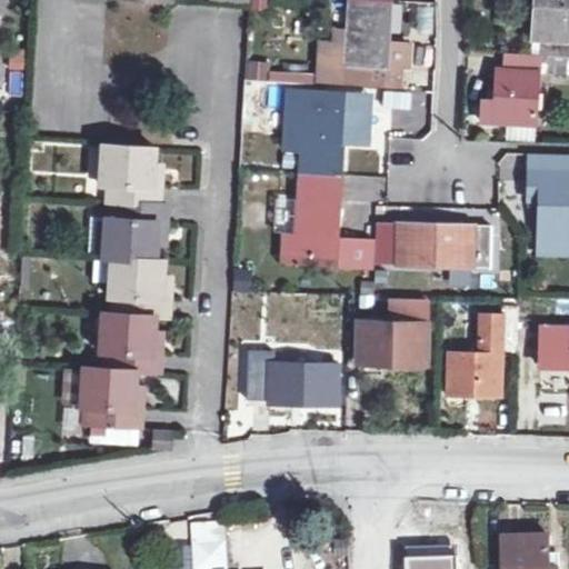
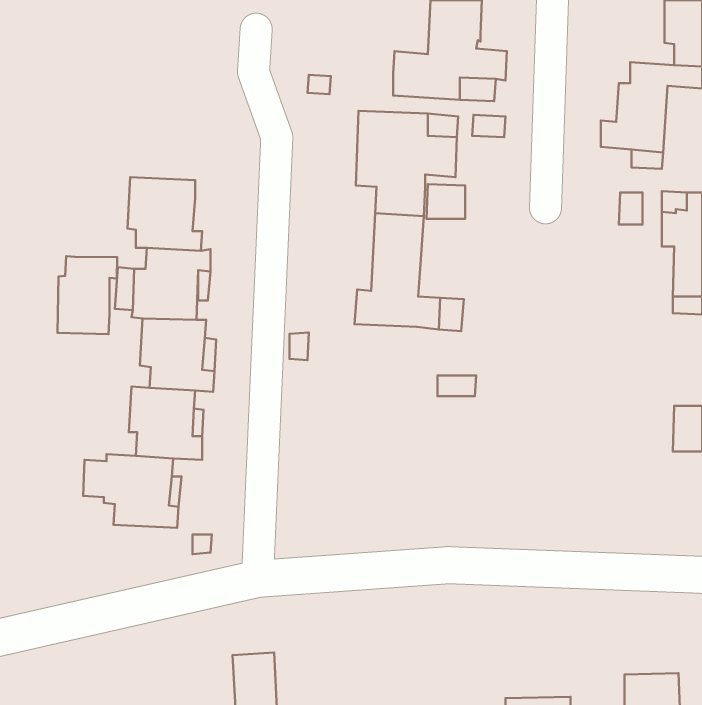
building: none -> [57,256,117,334]
building: [395,223,489,268] -> none
building: [359,301,428,366] -> none
building: [445,307,518,398] -> none
building: [248,350,338,405] -> none

